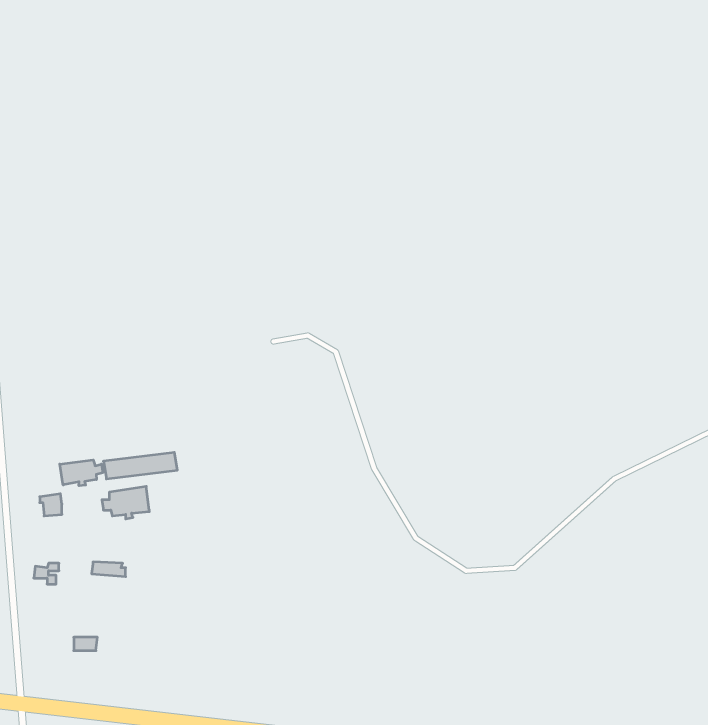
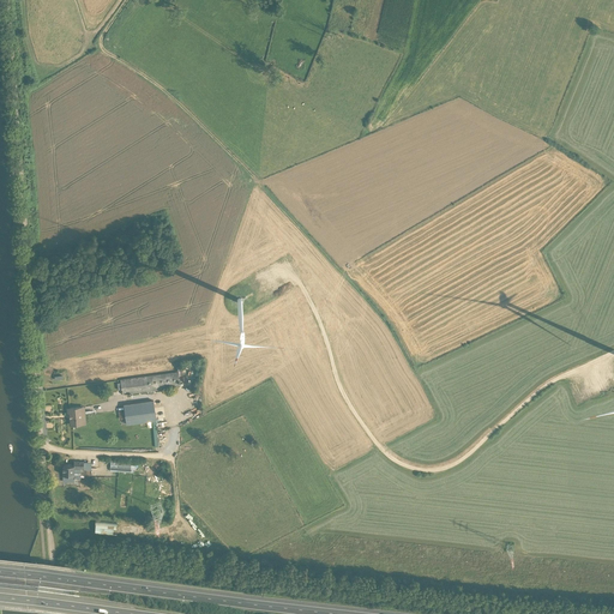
building: [60,460,103,486] -> none

